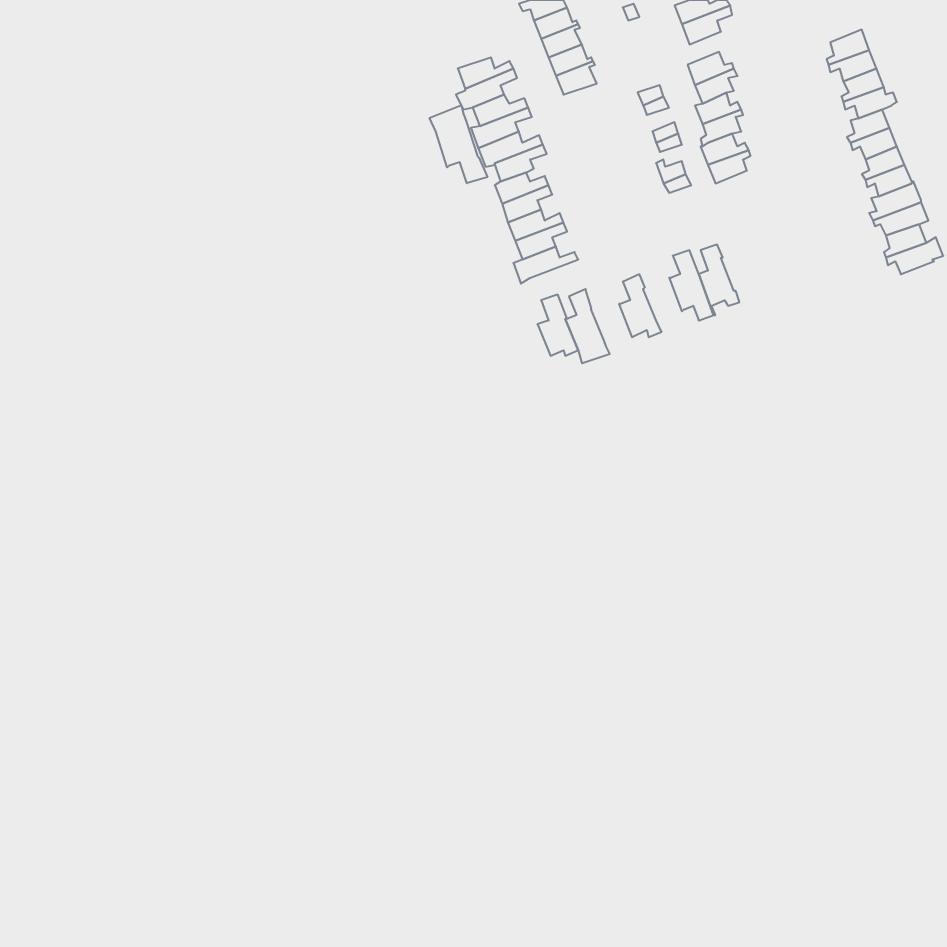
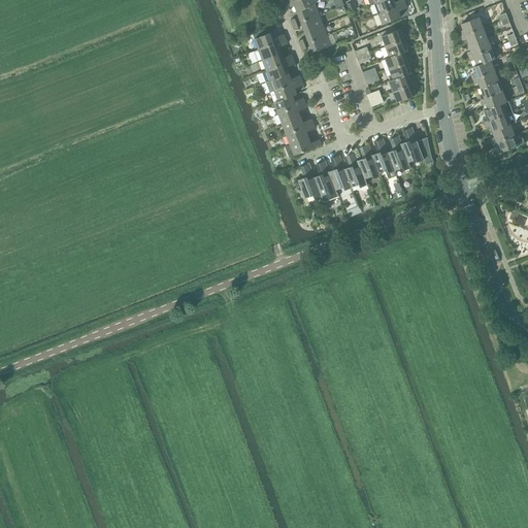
building: [430,105,487,183] -> none
building: none -> [401,127,434,165]
building: none -> [358,144,382,178]
building: none -> [329,156,352,190]

